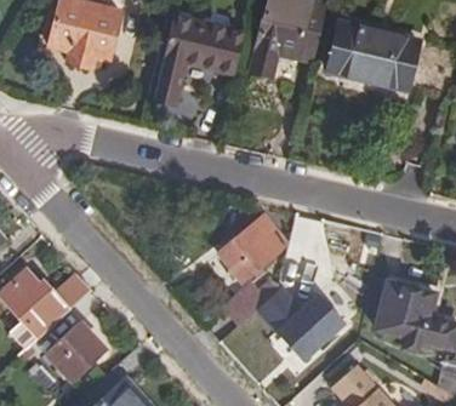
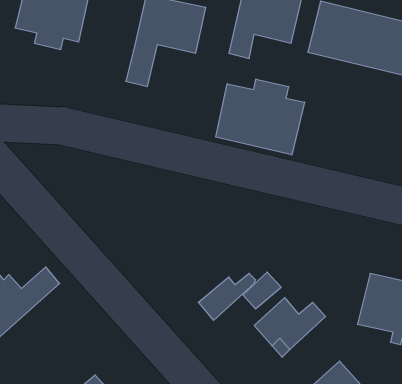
building: none -> [216,79,305,155]
building: [218,216,287,280] -> none
building: [45,321,106,382] -> none

